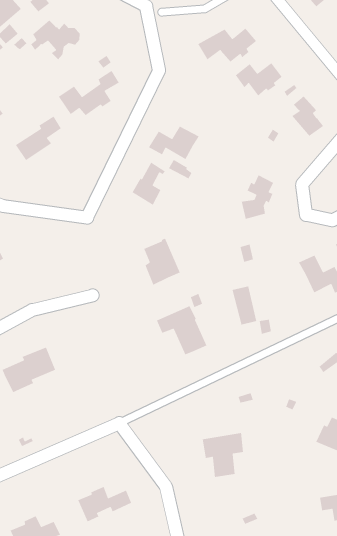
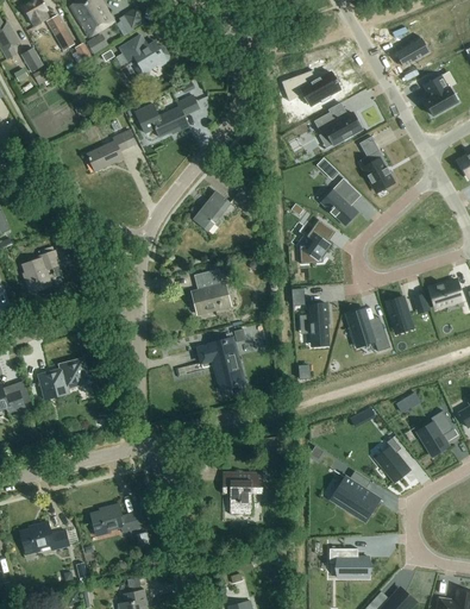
building: [148,125,200,160] -> none
building: none -> [321,189,358,225]
building: [231,285,257,325] -> [308,303,328,341]

